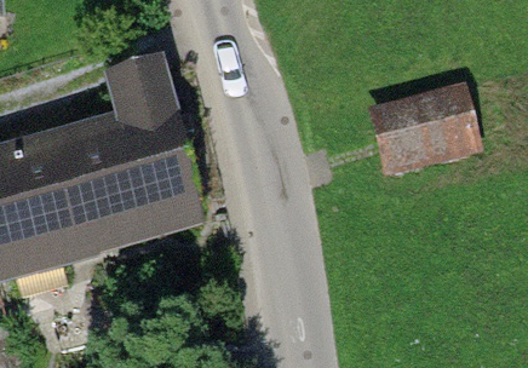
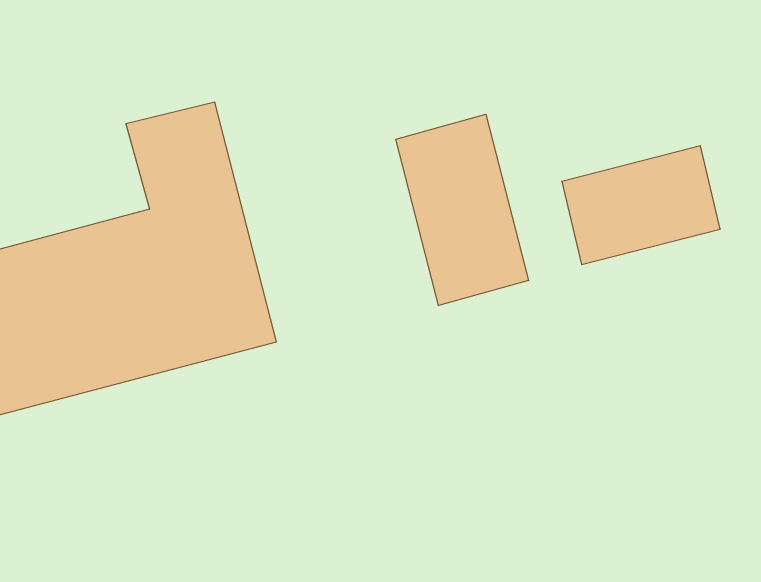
building: none -> [396,114,529,306]

